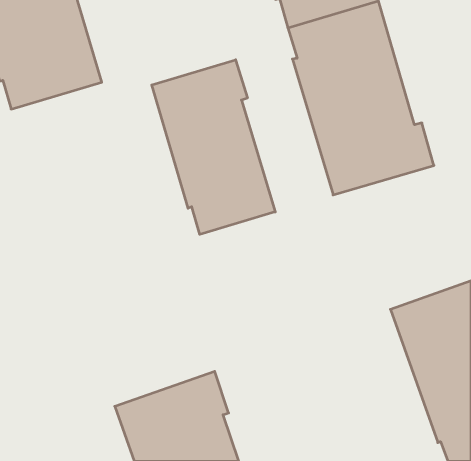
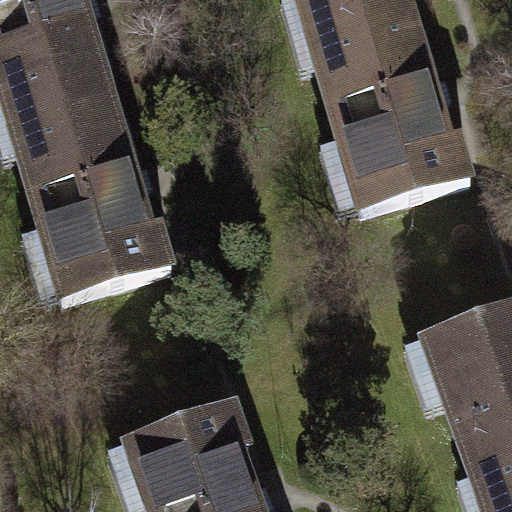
building: [152,60,275,234] -> none
building: none -> [12,89,171,298]

